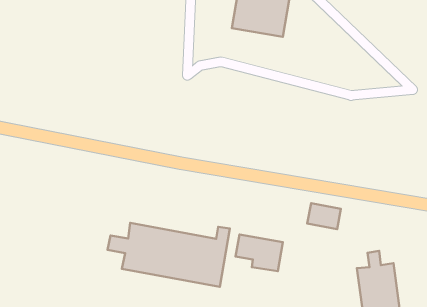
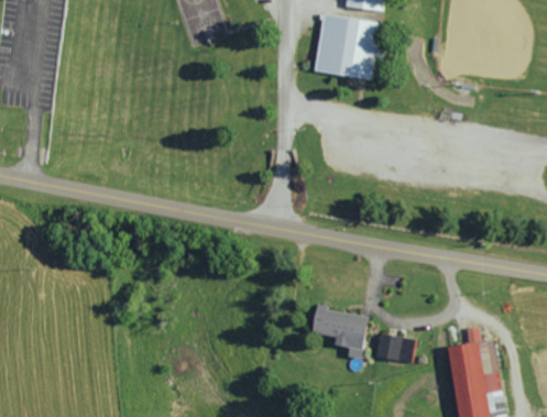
building: [307,203,341,229] -> [374,332,413,362]
building: [107,223,230,287] -> none

